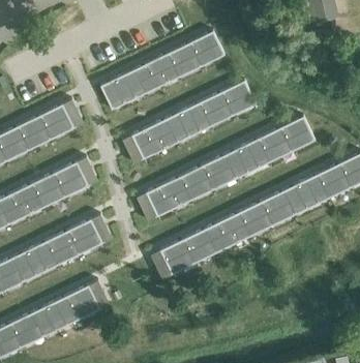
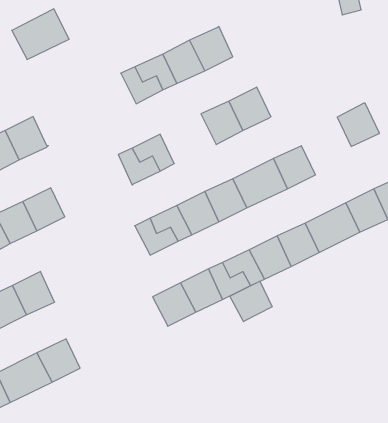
building: [99,68,146,110] -> [12,9,69,60]
building: [166,101,211,142] -> none
building: [280,116,314,151] -> [337,103,379,146]
building: [68,218,102,254] -> none
building: none -> [230,281,272,322]

